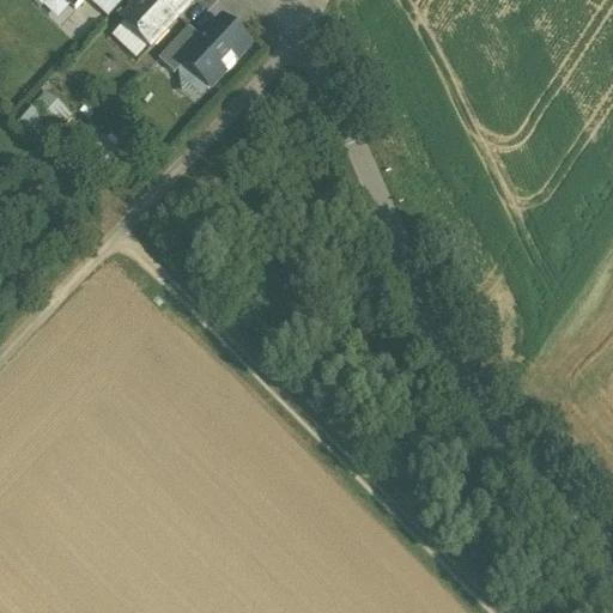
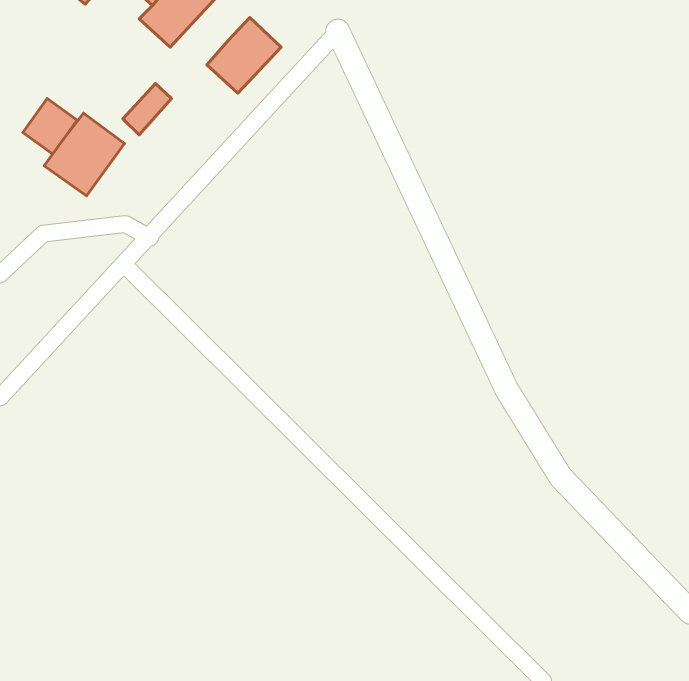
building: [160,23,204,68] -> [123,84,172,135]
building: none -> [44,113,124,196]

